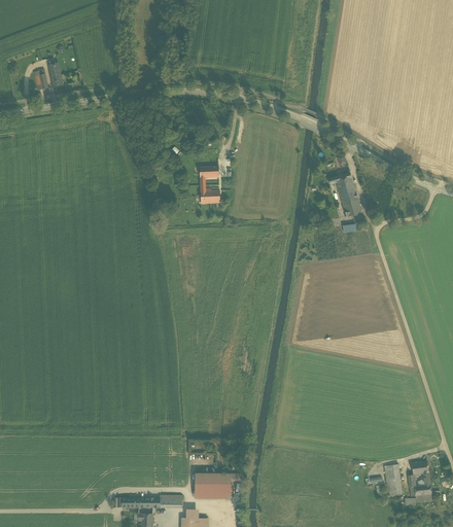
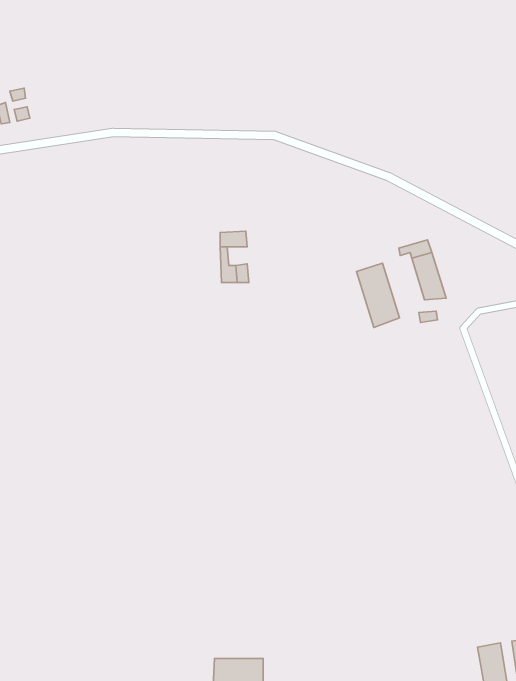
building: none -> [356,263,400,327]

